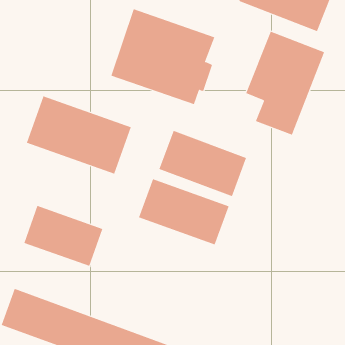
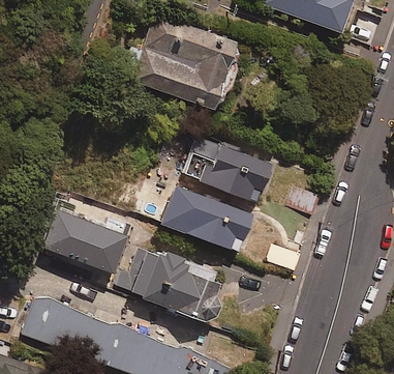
building: [245,31,325,136] -> none
building: [26,95,132,174] -> none
building: none -> [119,244,221,322]

